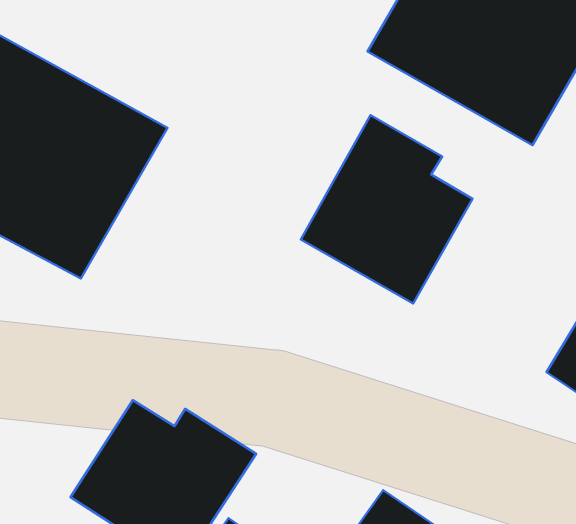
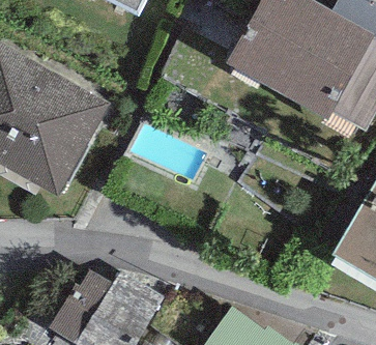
building: [301,115,473,303] -> none

